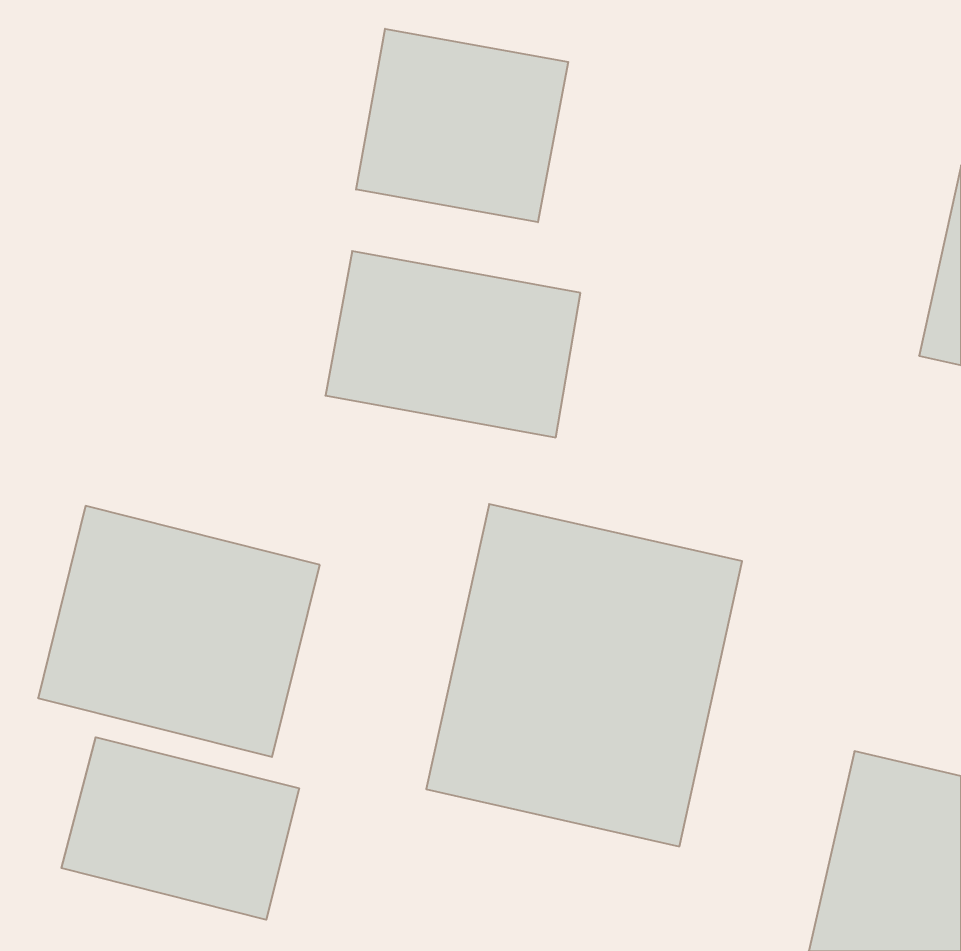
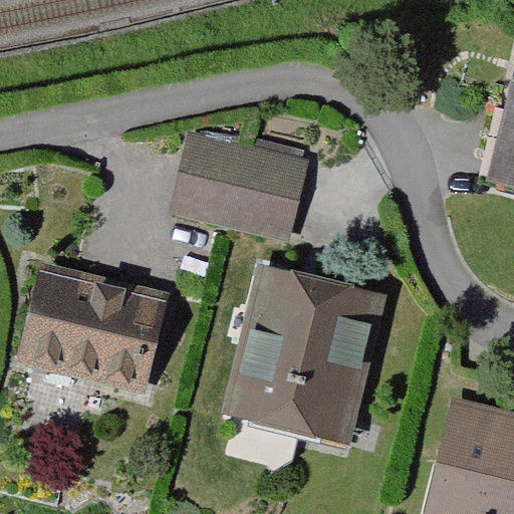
building: [356,29,568,222] -> none
building: [61,737,299,920] -> none

